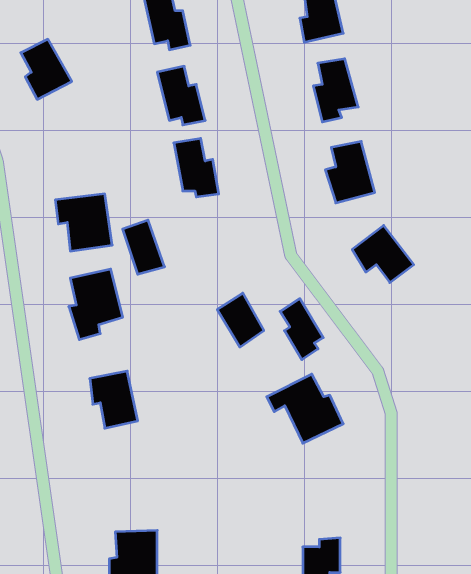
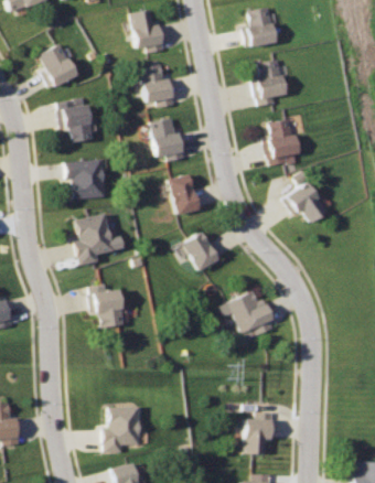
building: none -> [57,99,93,142]
building: [123,220,165,274] -> [170,173,201,213]
building: [280,299,323,360] -> none

